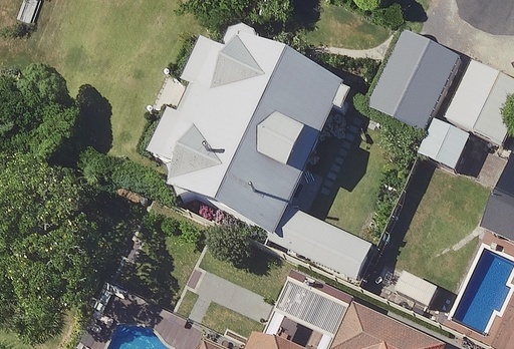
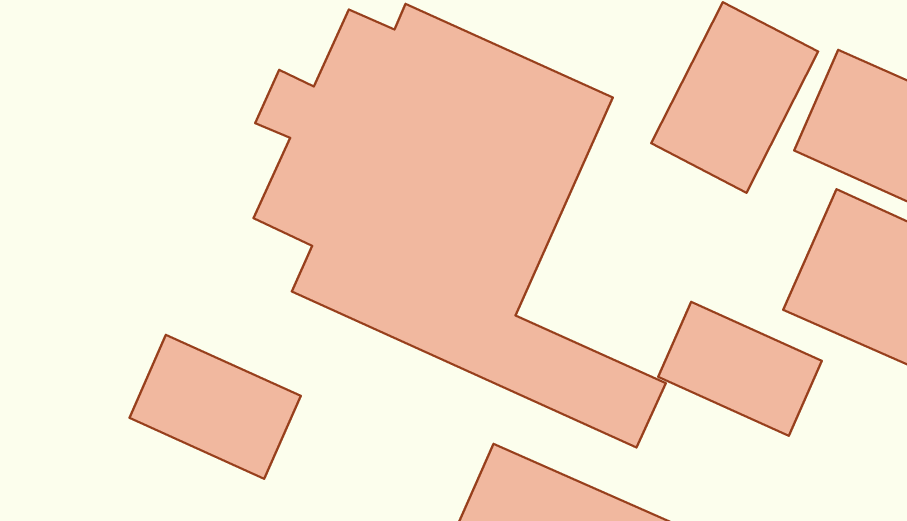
building: none -> [658,302,822,436]
building: none -> [130,335,301,479]

